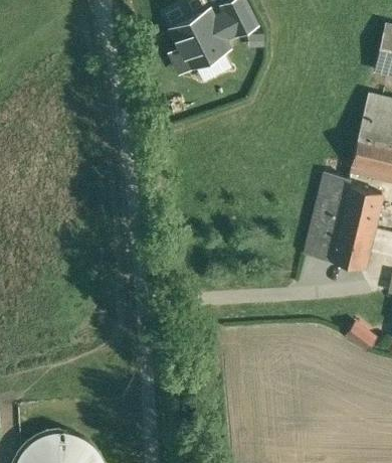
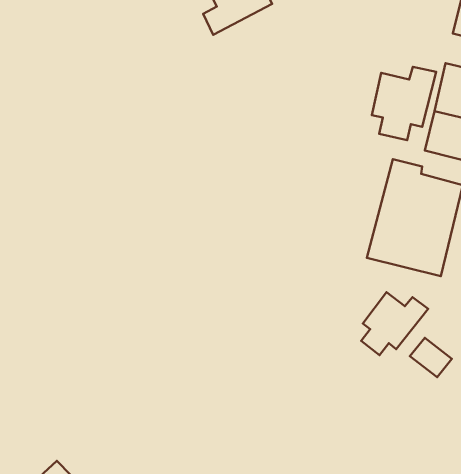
building: none -> [372,67,436,140]
building: none -> [361,292,428,355]

